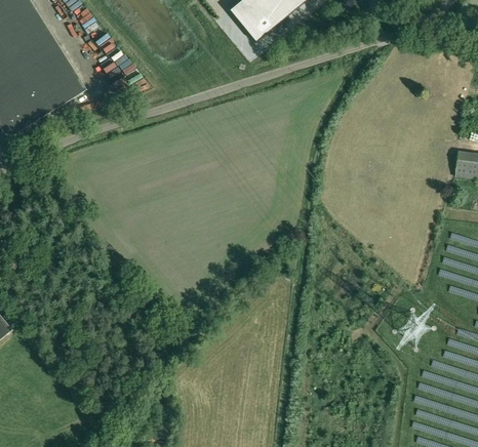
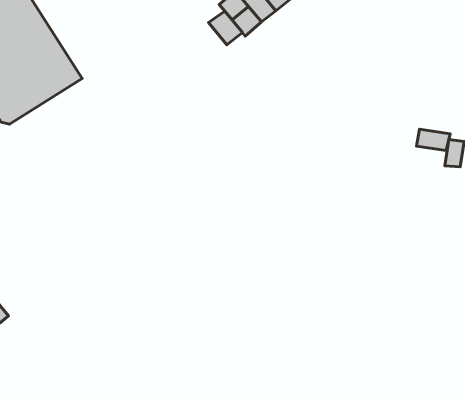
building: none -> [209,11,242,45]
building: none -> [416,129,450,151]

